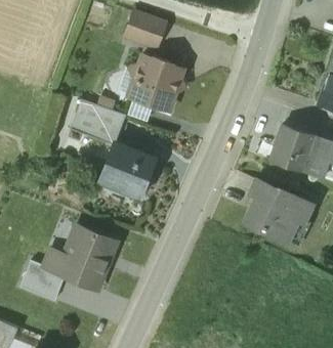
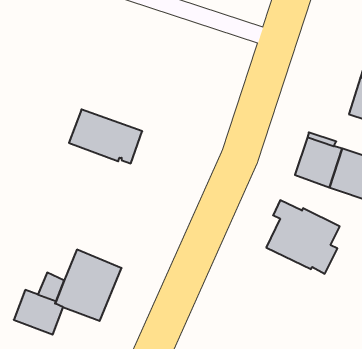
building: [125,11,165,47] -> none
building: [130,55,183,107] -> none
building: [99,142,154,194] -> none

